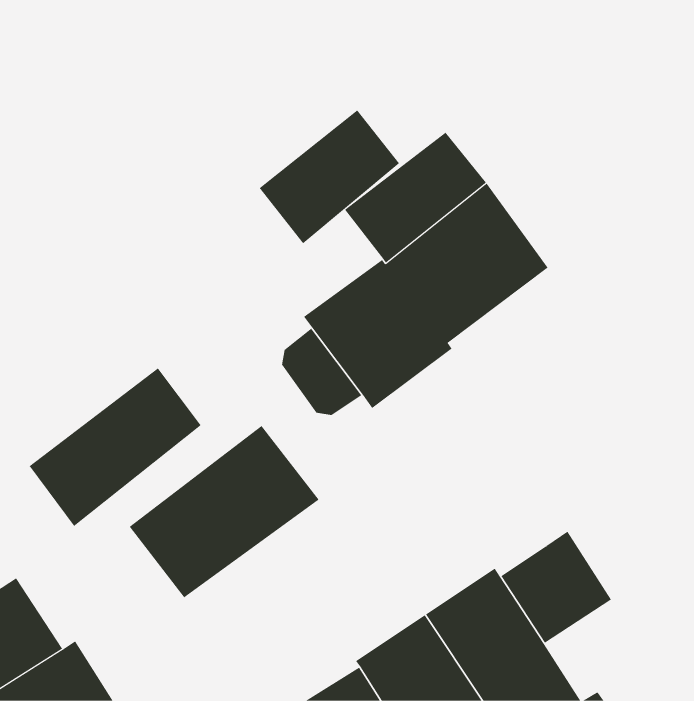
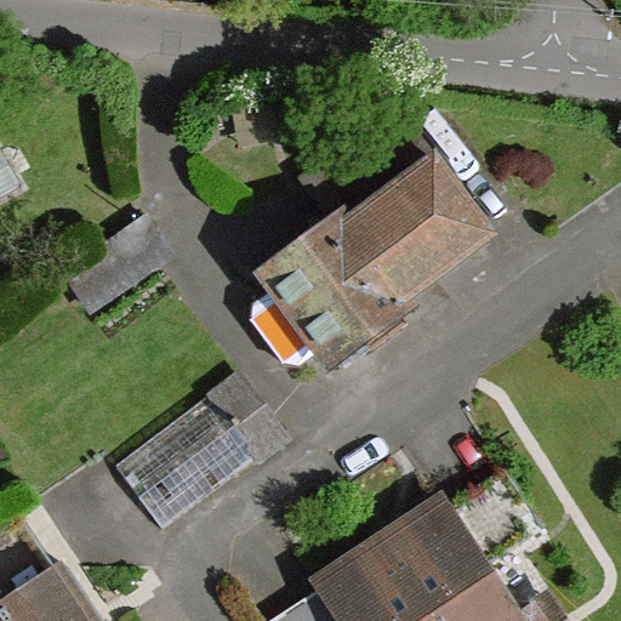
building: [259,109,400,244] -> none
building: [29,367,202,527] -> none

